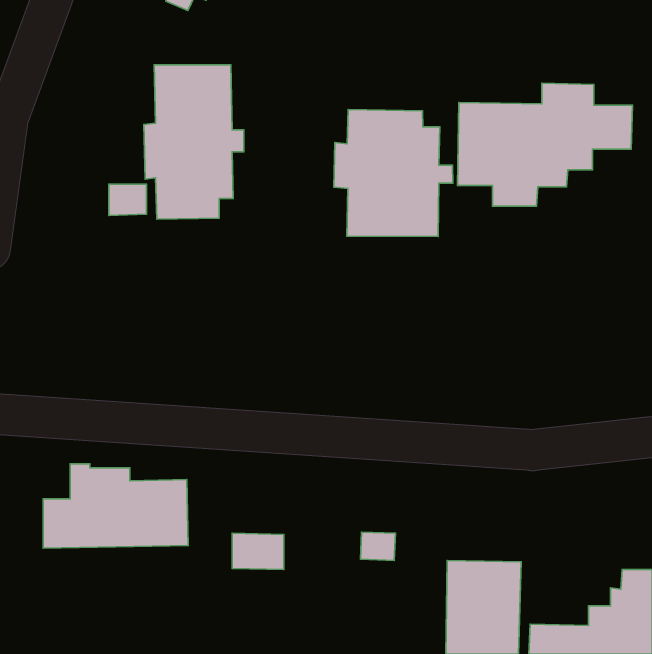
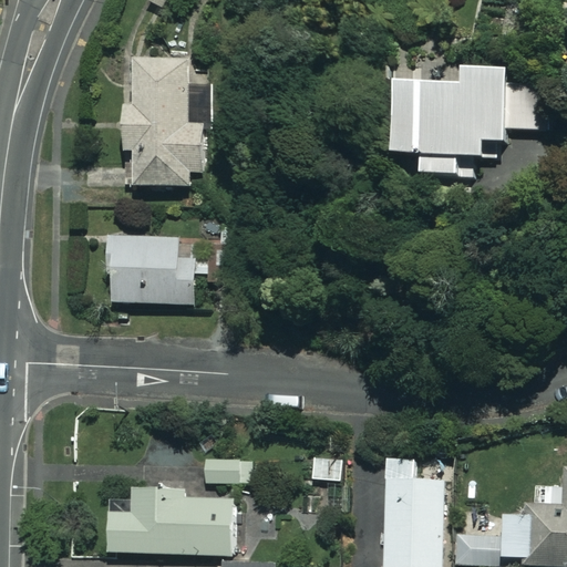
building: [334,110,453,236] -> none
building: none -> [102,237,194,303]
building: [43,464,188,548] -> [107,482,231,554]

